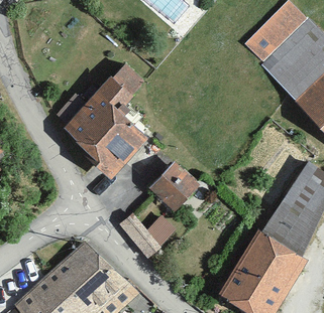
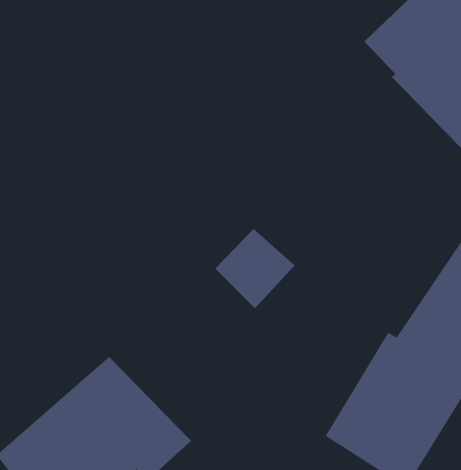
building: [65,61,150,178] -> none
building: [117,212,179,258] -> none

